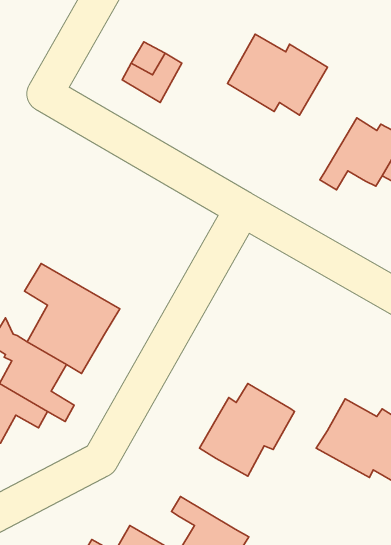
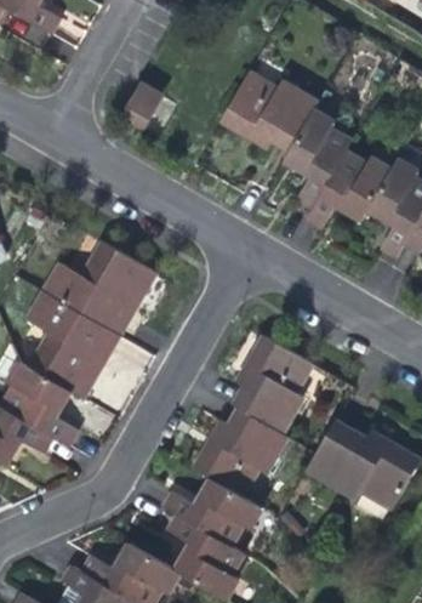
building: none -> [286,109,352,205]
building: none -> [44,241,155,335]
building: none -> [236,335,310,431]
building: none -> [165,478,260,546]

